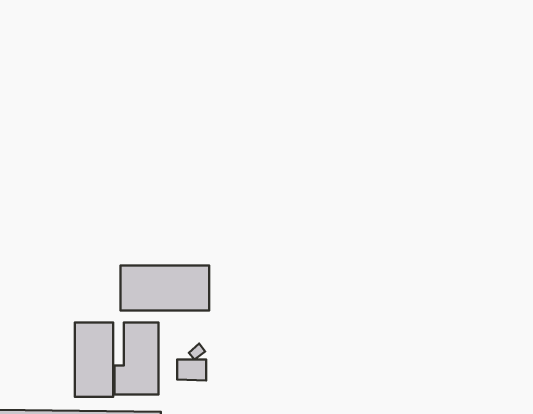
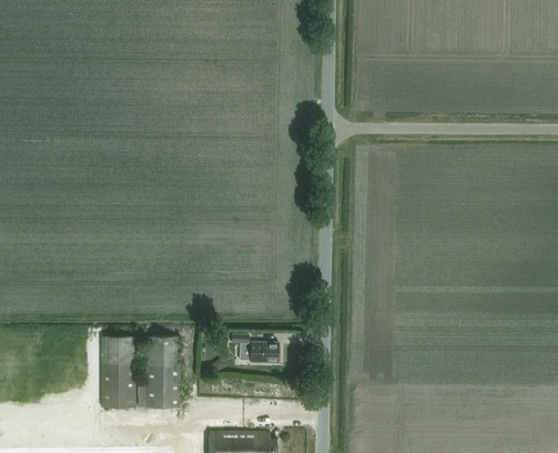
building: [121,265,209,310] -> none
building: [177,360,206,381] -> [246,346,274,366]

